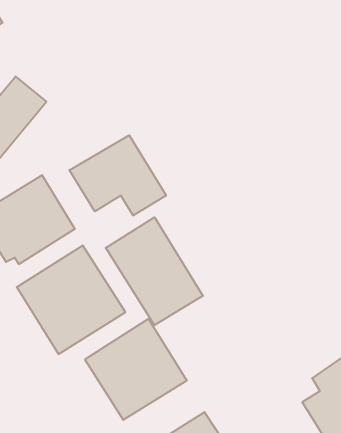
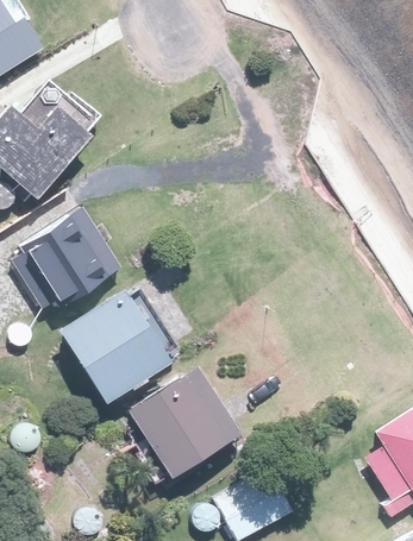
building: [69,135,166,216] -> none
building: [106,217,203,325] -> none

